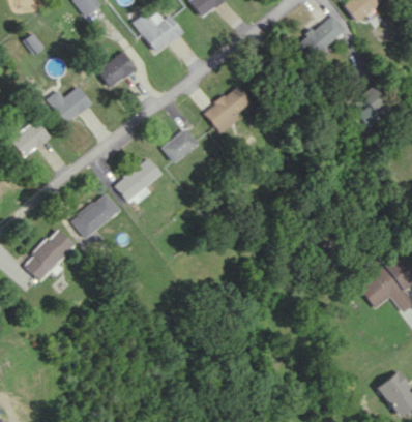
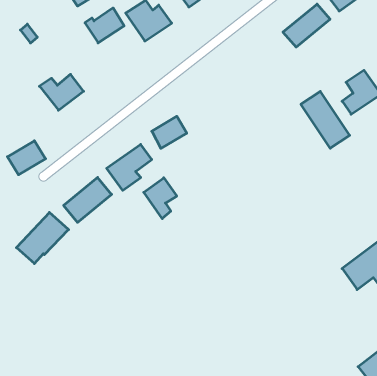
building: [95,51,136,87] -> [85,8,124,43]
building: [203,84,251,133] -> none
building: none -> [301,91,350,148]
building: [10,121,50,156] -> [7,141,46,175]
building: none -> [144,178,177,219]

